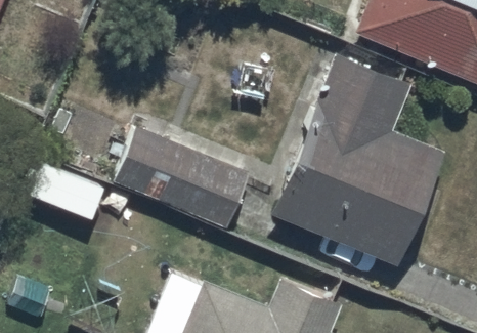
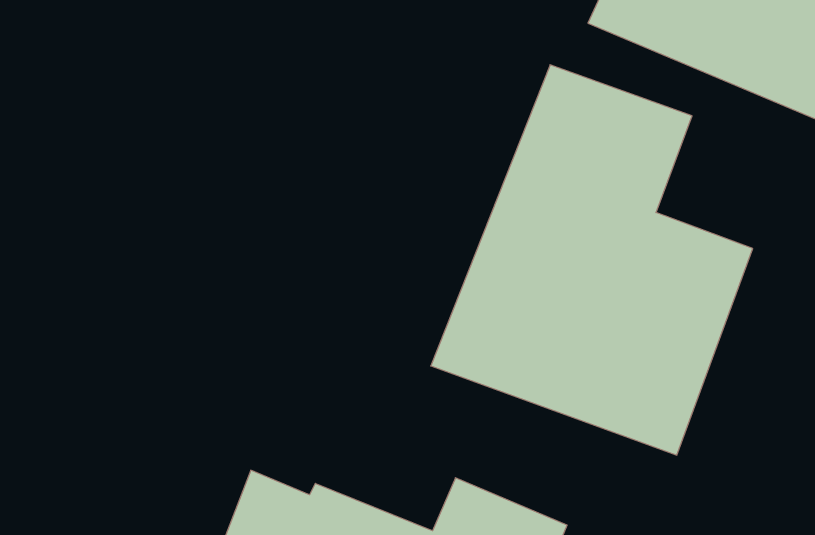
building: [114,130,249,228] -> none

